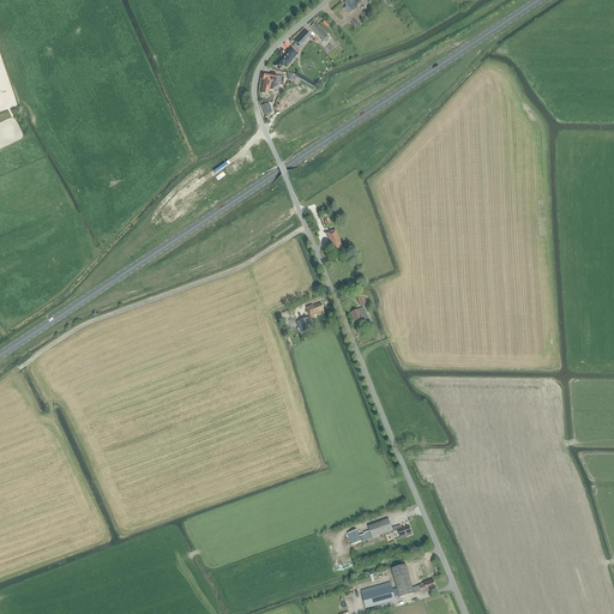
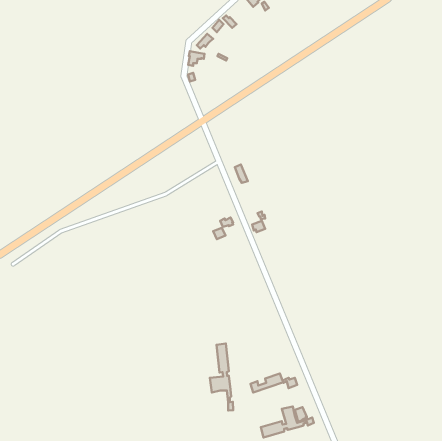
building: none -> [210,343,233,410]

